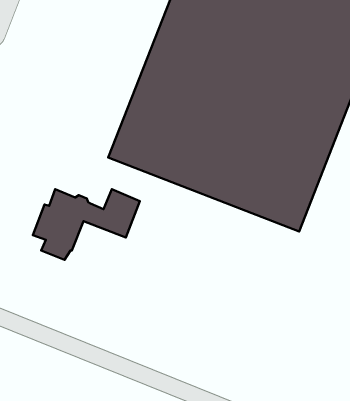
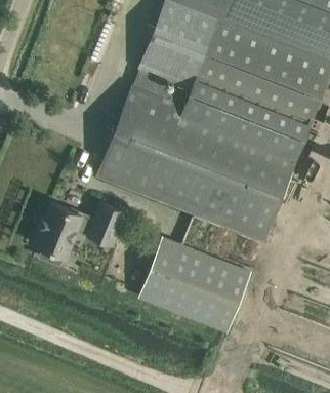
building: none -> [139,235,252,331]

